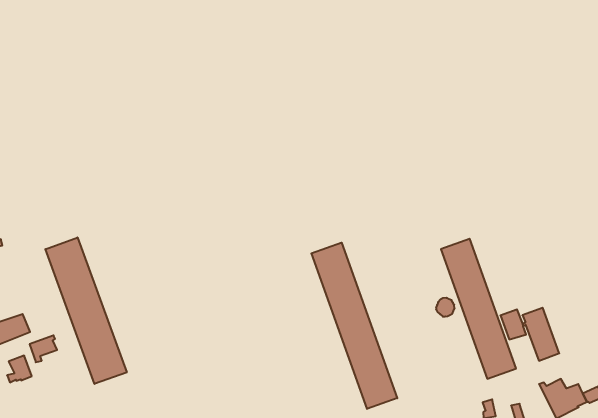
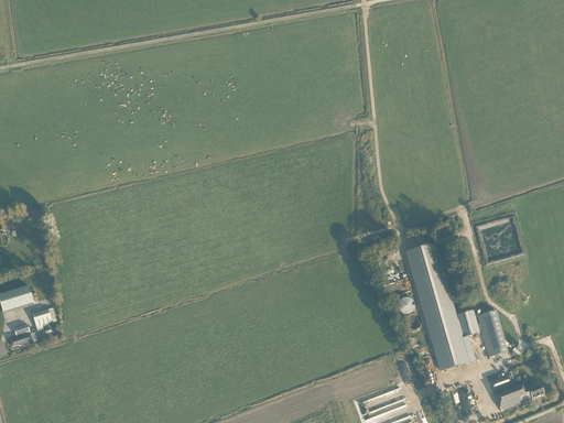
building: [45,237,127,384] -> none
building: [311,243,397,409] -> none

